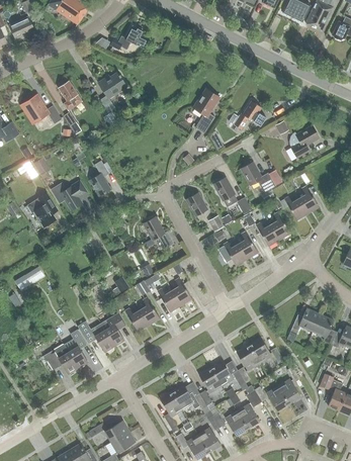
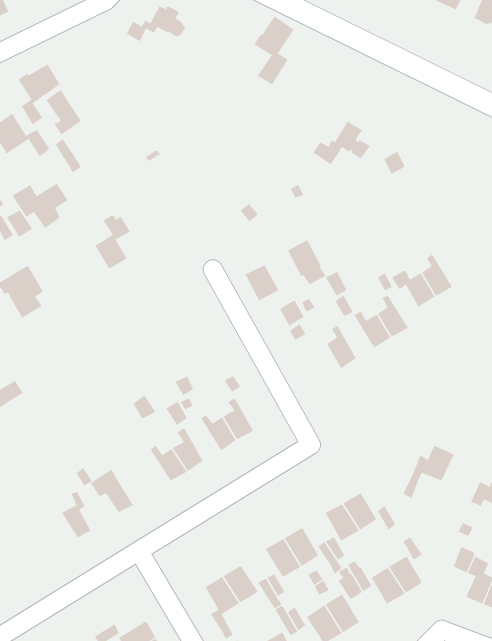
building: [98,72,125,111] -> [18,64,60,125]
building: [192,88,218,132] -> [254,16,295,85]
building: [289,124,319,157] -> none
building: [240,161,275,192] -> none
building: [50,180,86,209] -> [12,183,68,229]
building: [143,215,174,248] -> none
building: [217,241,247,265] -> none
building: [100,312,125,346] -> none
building: [312,313,336,344] -> none
building: [42,344,78,373] -> none

